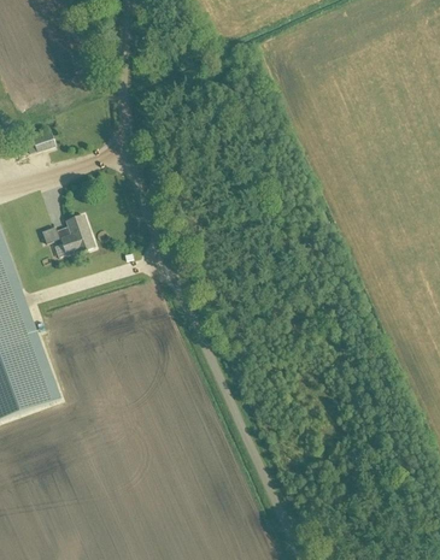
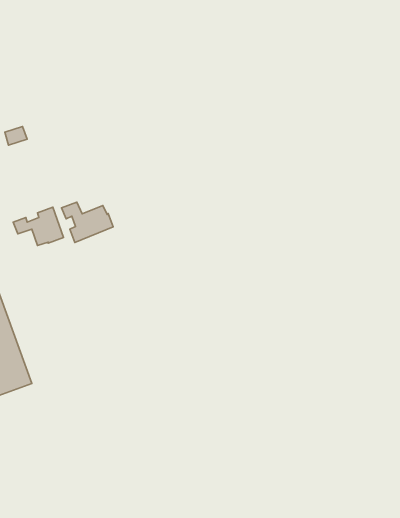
building: none -> [62,202,113,242]

